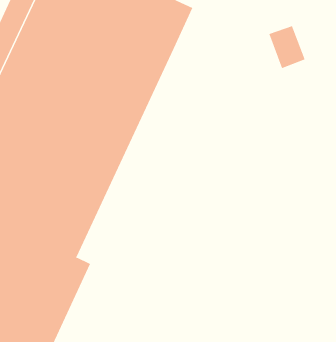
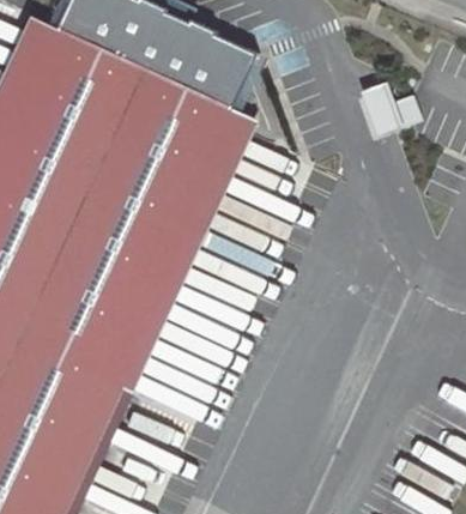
building: none -> [104,107,258,391]

